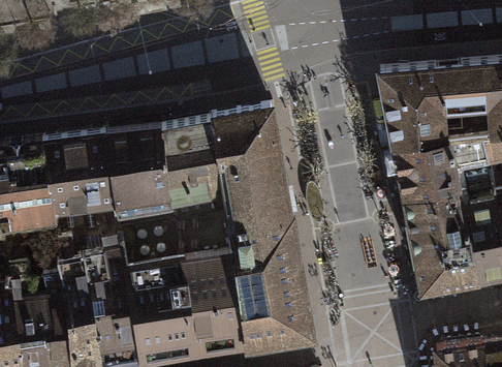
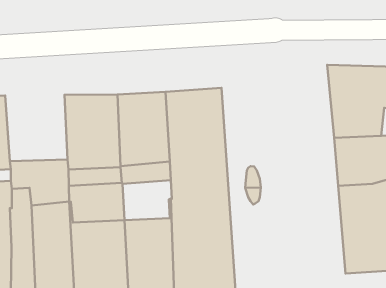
building: [43,139,117,215] -> none
building: [178,217,231,265] -> none

